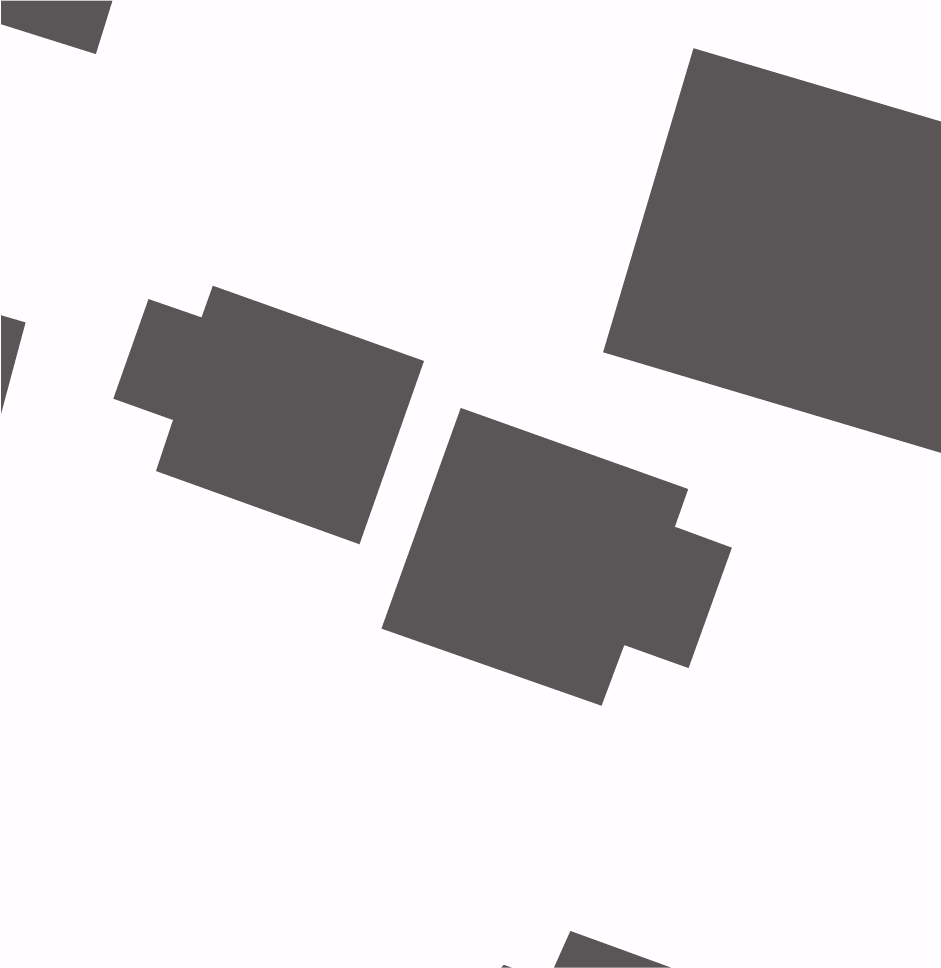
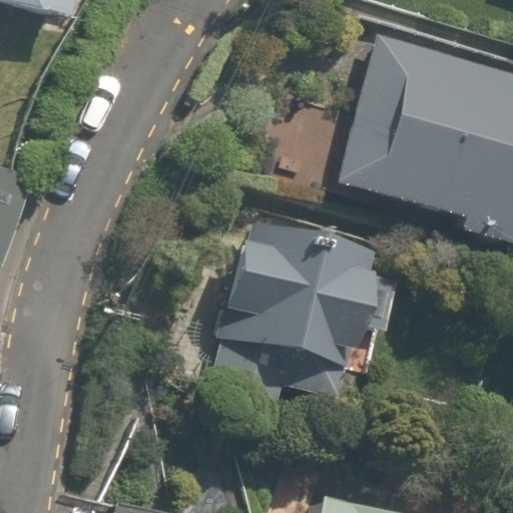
building: [113,285,425,545] -> none

